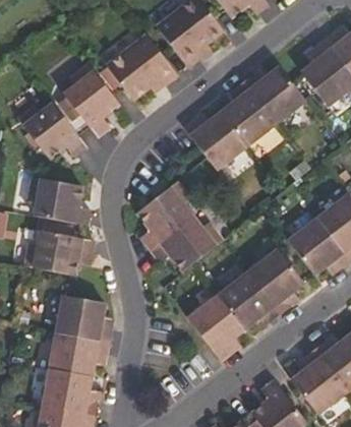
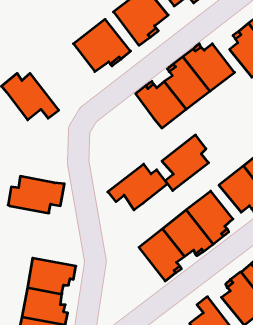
building: [63,62,119,137] -> none
building: [27,177,91,225] -> none
building: [135,180,193,249] -> [162,135,209,191]
building: [55,295,112,342] -> none

